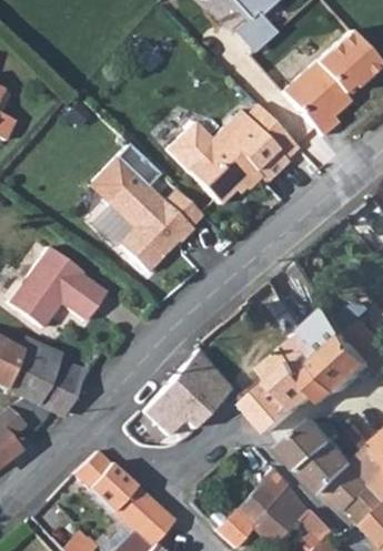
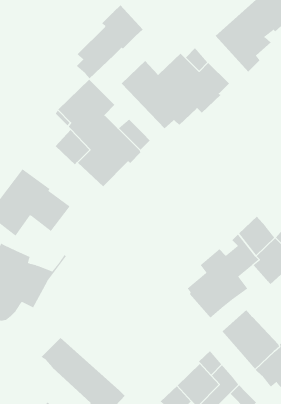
building: none -> [76,4,143,79]
building: [144,349,238,437] -> none

